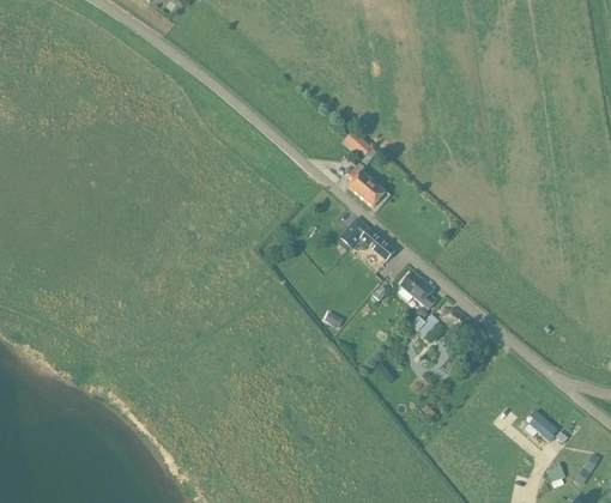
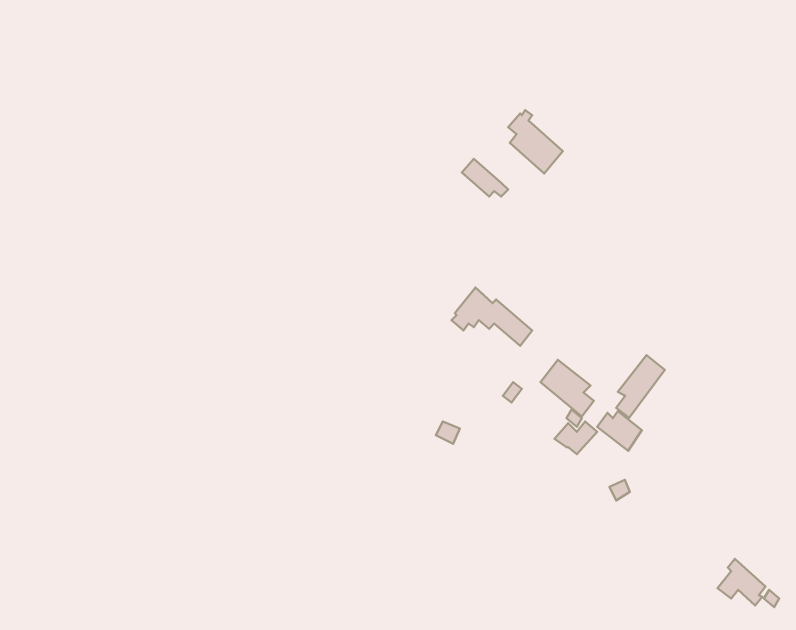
building: [347,162,386,206] -> [508,110,563,174]
building: none -> [616,355,665,418]

